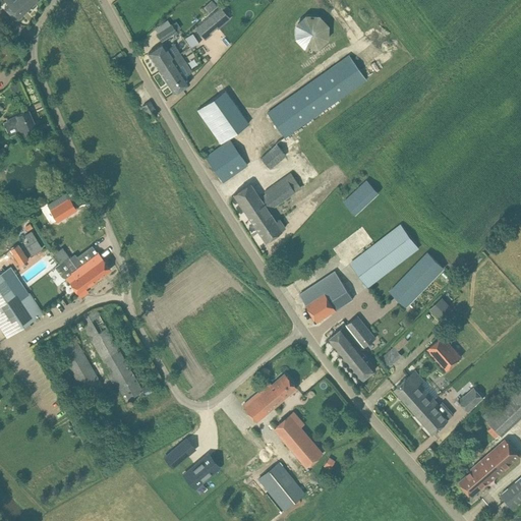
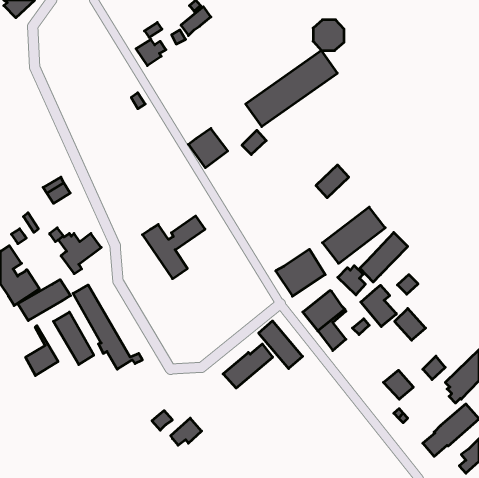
building: [295,16,329,50] -> [313,20,344,51]
building: [160,55,189,95] -> none
building: [197,92,248,144] -> none
building: [8,112,35,142] -> none
building: [233,175,301,243] -> [142,216,205,279]
building: none -> [338,266,365,295]
building: none -> [18,280,71,321]
building: none -> [26,326,58,376]
building: [394,371,432,416] -> [361,285,396,327]
building: [274,415,322,467] -> [259,321,303,369]
building: [257,462,304,511] -> none

